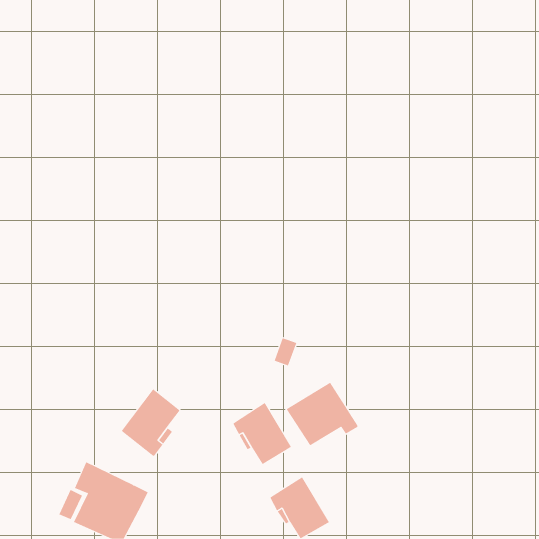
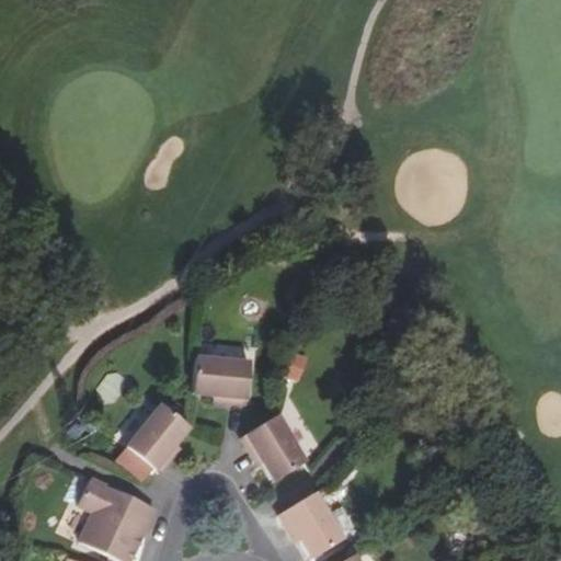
building: none -> [193,354,250,401]
building: [286,382,358,446] -> none

